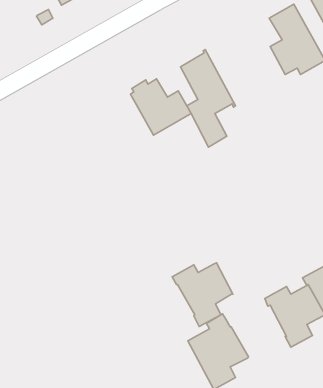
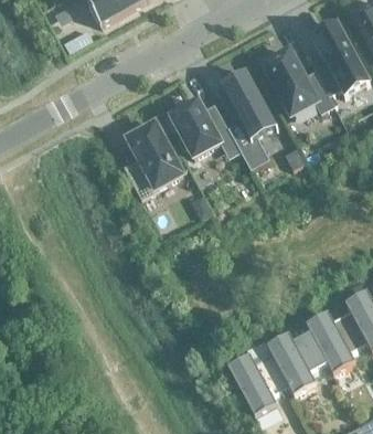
building: none -> [264,49,334,113]
building: none -> [127,119,183,197]
building: [172,263,233,327] -> [268,329,330,394]

